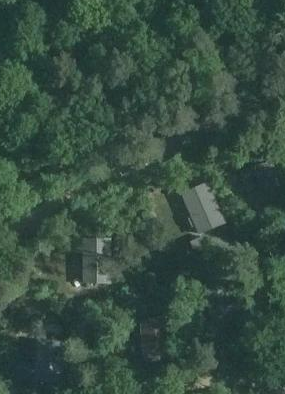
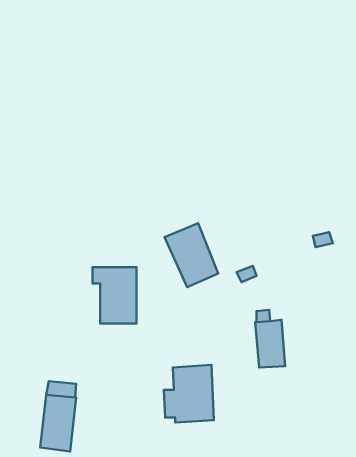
building: [181,183,224,234] -> [164,223,218,287]

